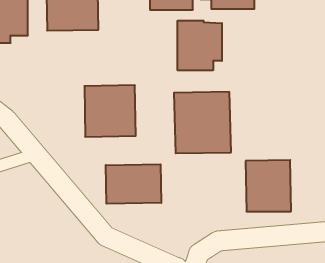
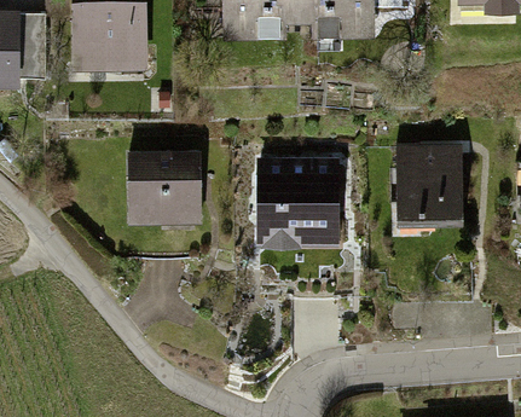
building: [178,21,222,70] -> none
building: [246,160,291,211] -> [394,145,461,220]
building: [106,164,161,204] -> none

